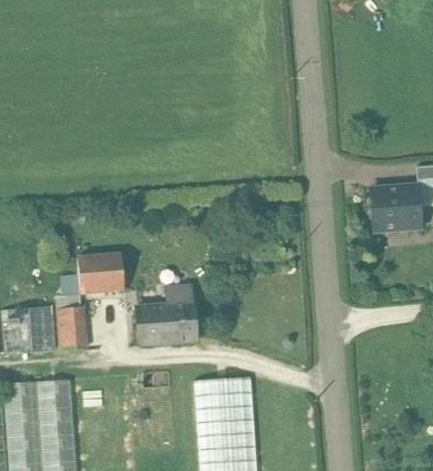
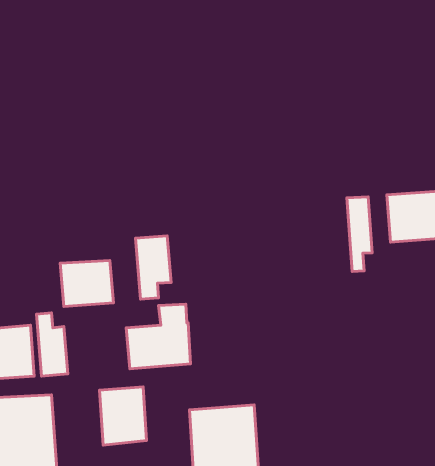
building: none -> [347,197,372,272]
building: none -> [135,236,171,299]
building: none -> [100,387,146,445]

